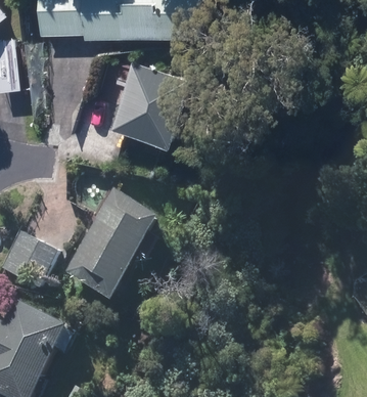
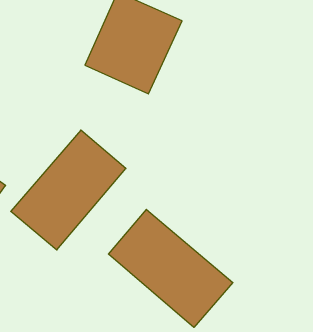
building: none -> [108,209,233,327]

